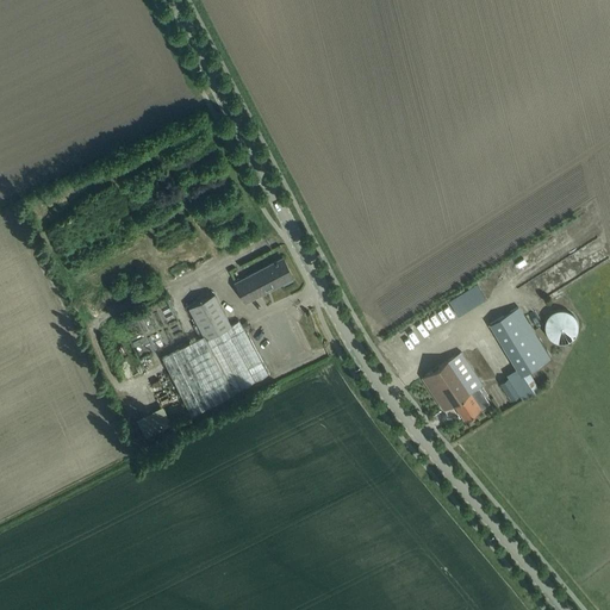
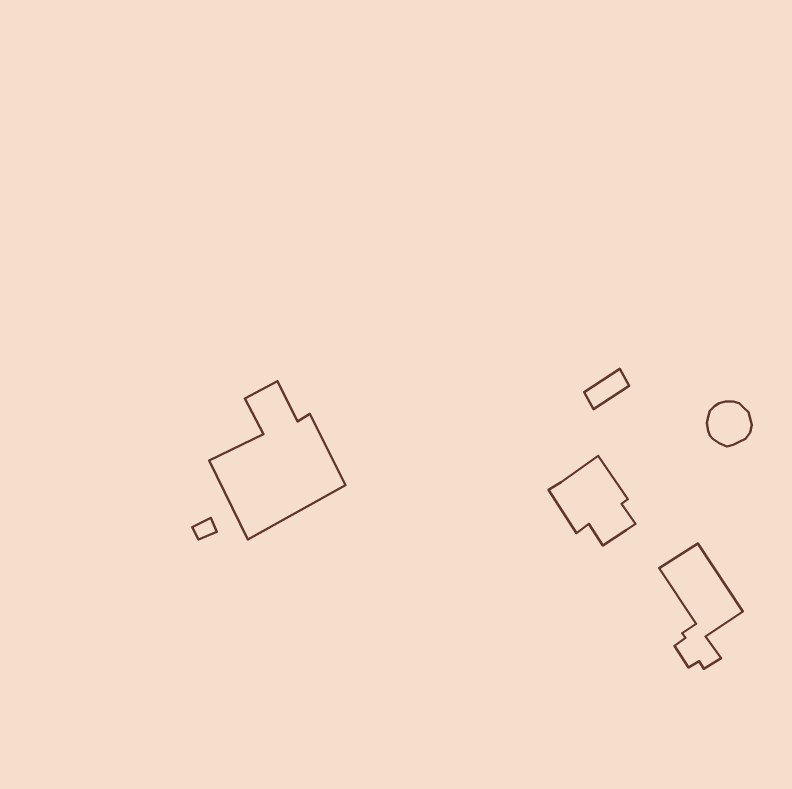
building: [235,260,292,304] -> none
building: [487,306,552,403] -> [659,543,743,669]

